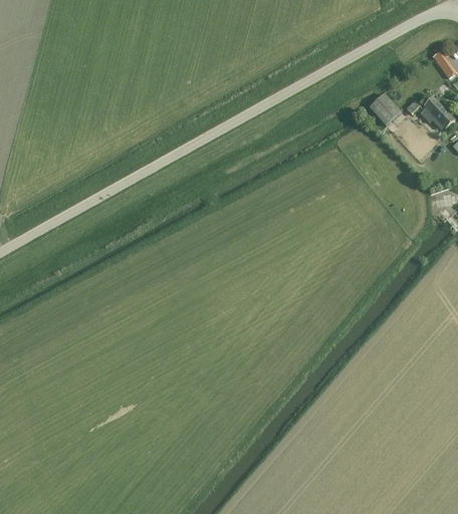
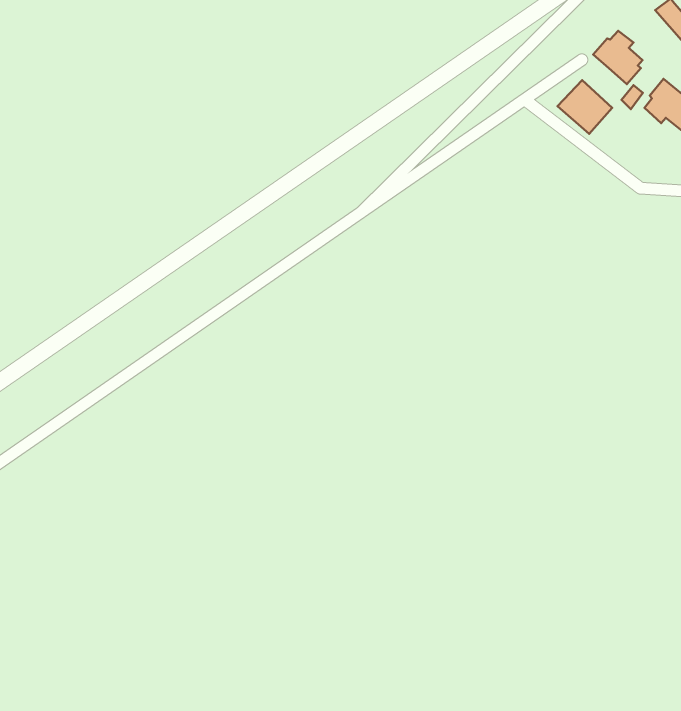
building: none -> [593,31,643,84]

